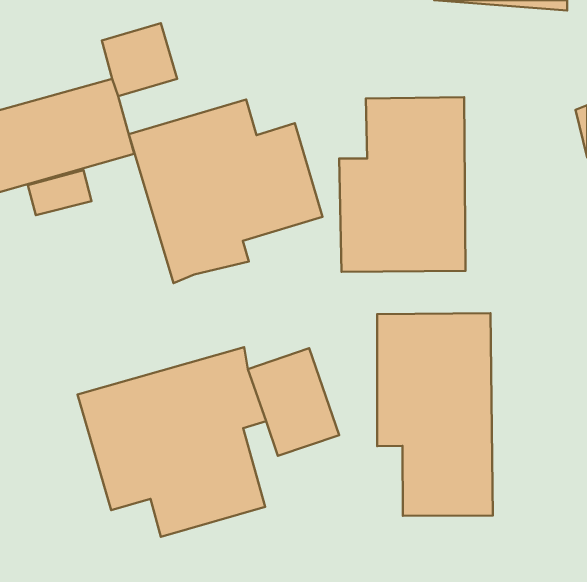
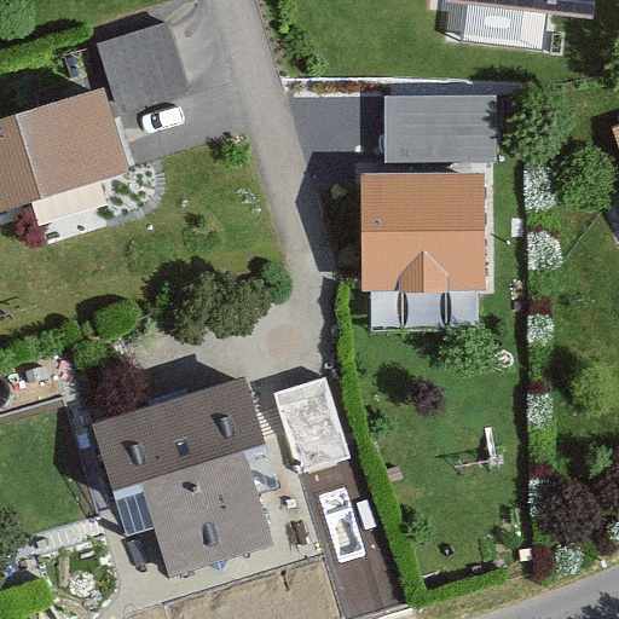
building: [129,100,322,283] -> none
building: [377,313,493,516] -> none

